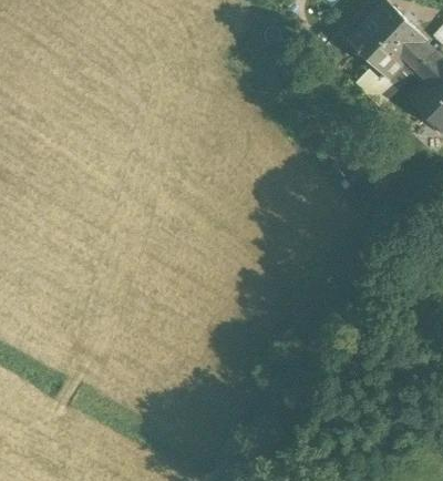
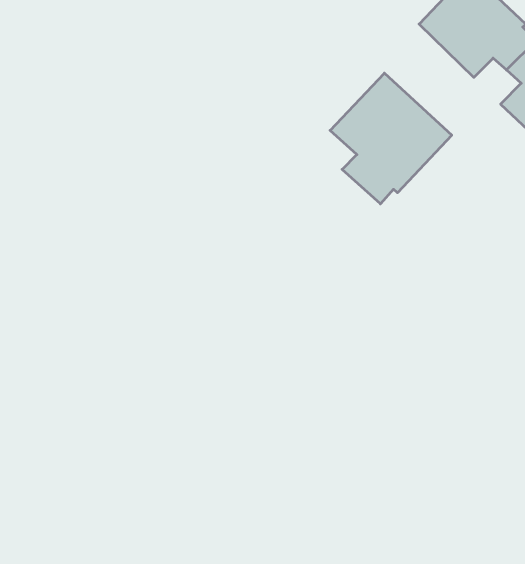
building: none -> [330,73,452,204]

